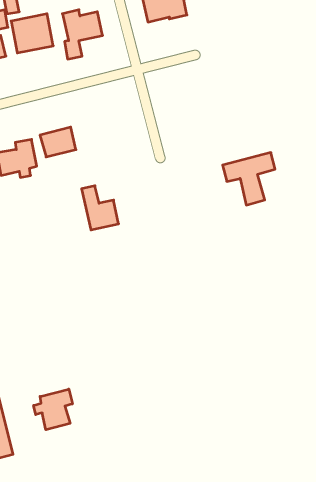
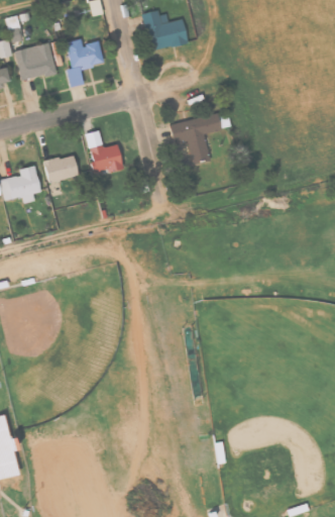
building: [223,153,275,205] -> [170,113,221,165]
building: [82,186,119,230] -> [86,130,122,174]
building: [34,389,72,430] -> none

